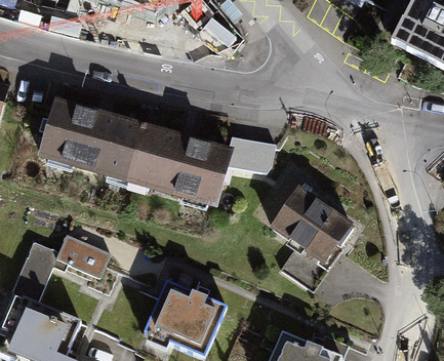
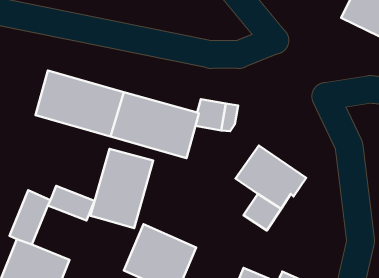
building: none -> [91,149,153,228]

